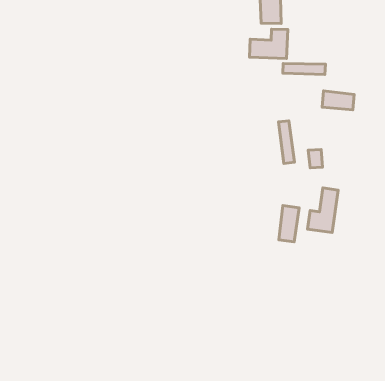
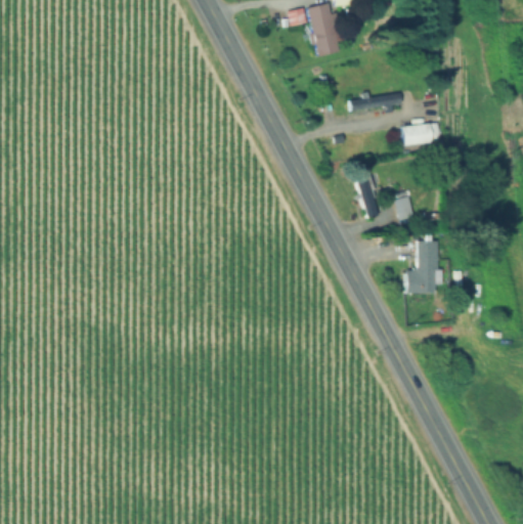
building: [250,29,288,59] -> none
building: [279,205,299,242] -> none

